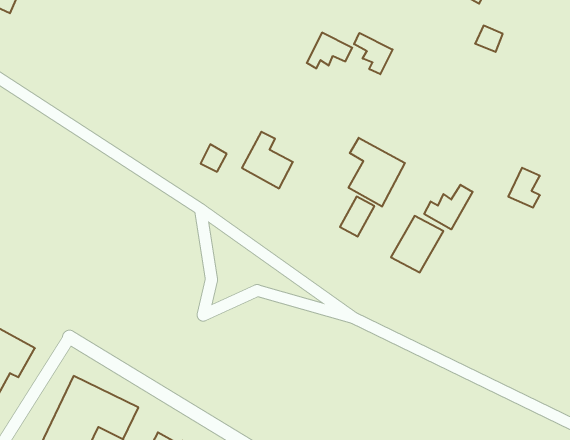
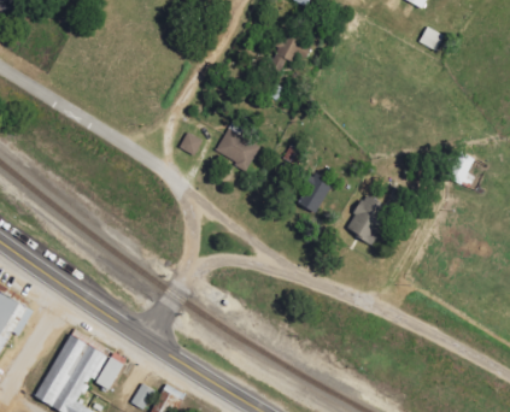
building: [354,33,393,74] -> none
building: [349,138,405,207] -> none
building: [424,185,473,229] -> none

